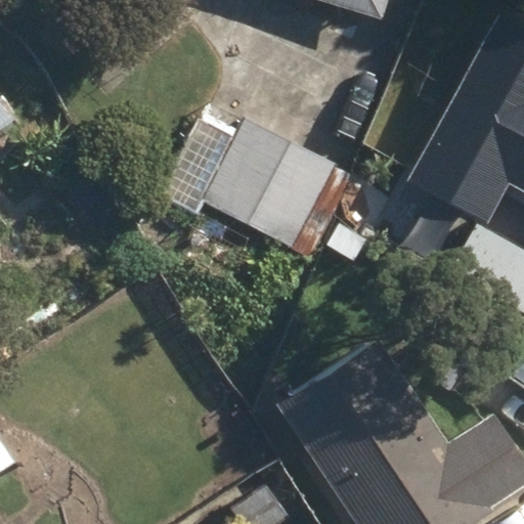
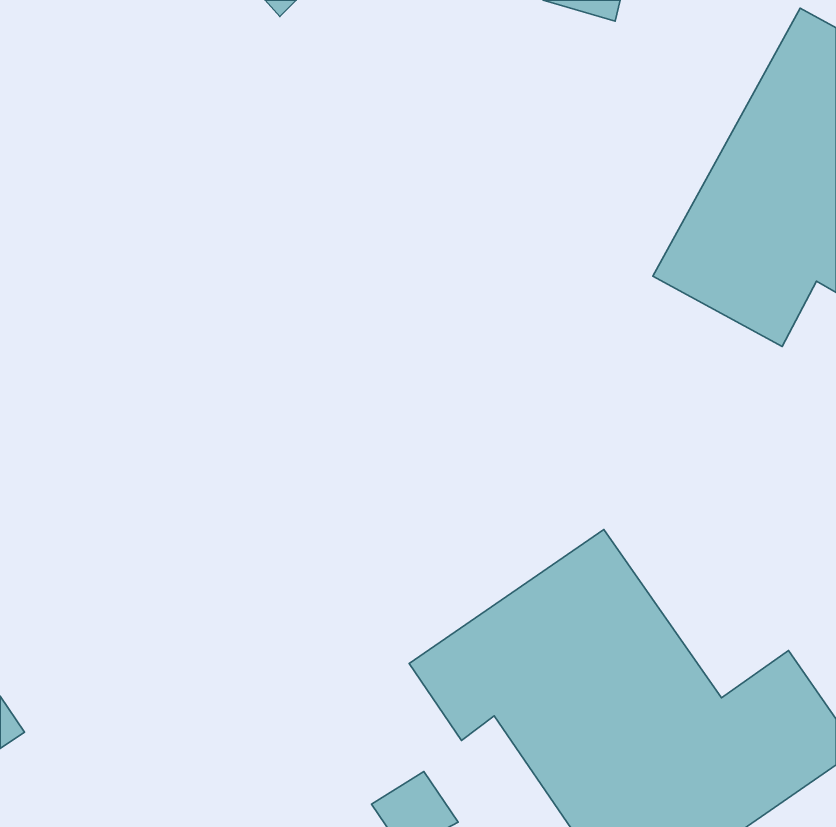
building: [165,121,353,260] -> none

